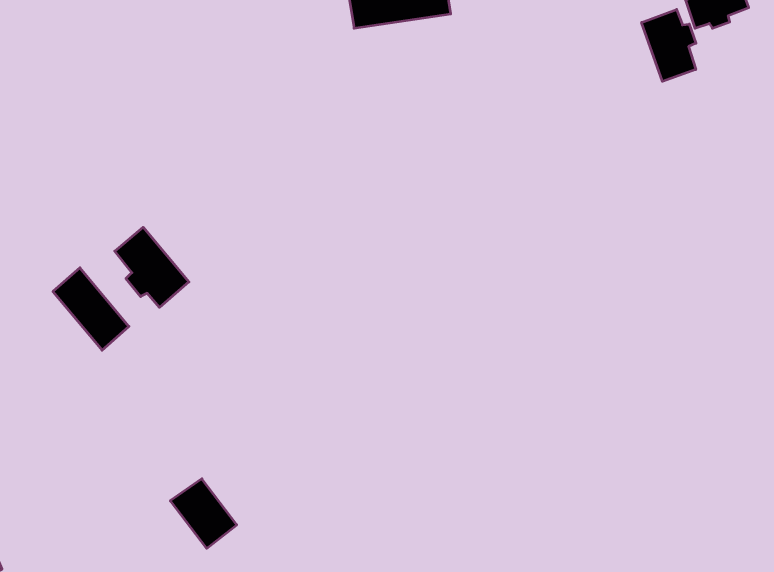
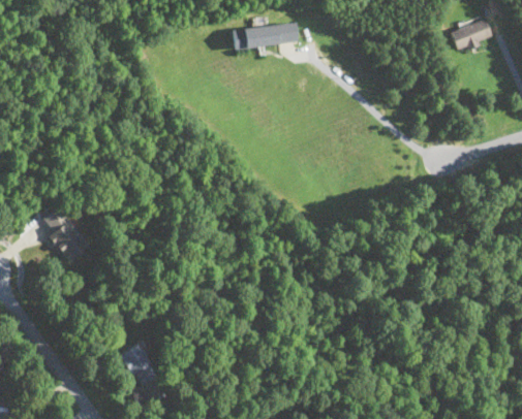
building: [642,9,696,81] -> none
building: [115,227,189,307] -> none

